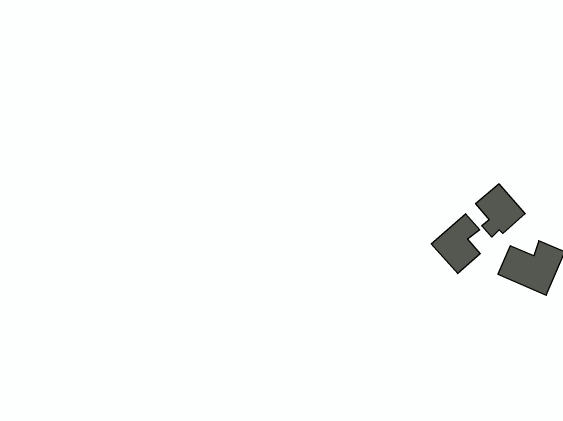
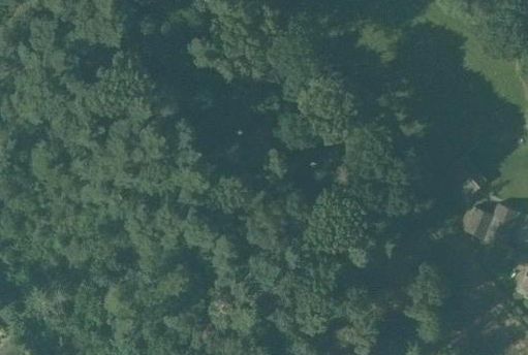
building: [431,214,480,274] -> none

